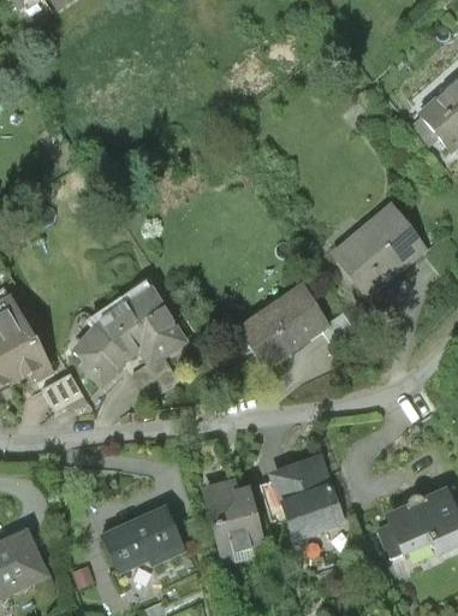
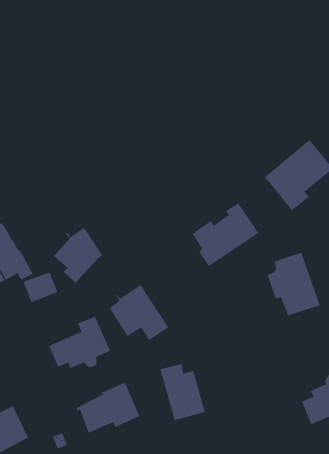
building: [113,284,188,354] -> [109,284,169,341]
building: none -> [48,316,111,369]
building: [276,455,343,534] -> [267,252,321,316]

